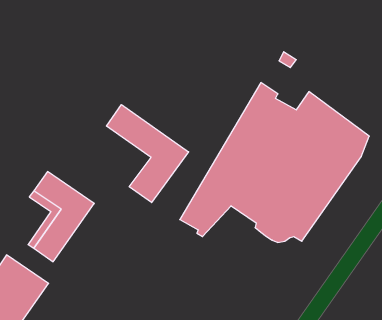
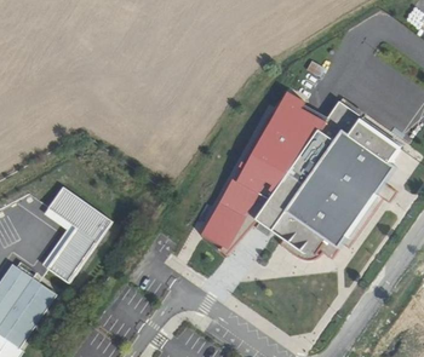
building: [106,105,189,203] -> none

